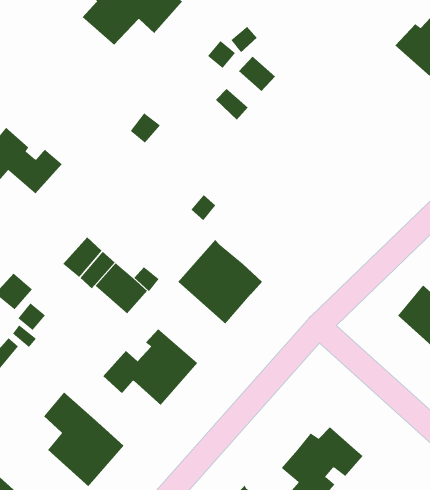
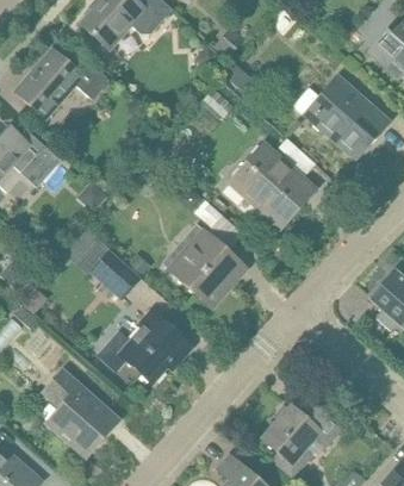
building: none -> [14,48,110,119]
building: none -> [294,74,392,161]
building: none -> [229,142,316,228]

